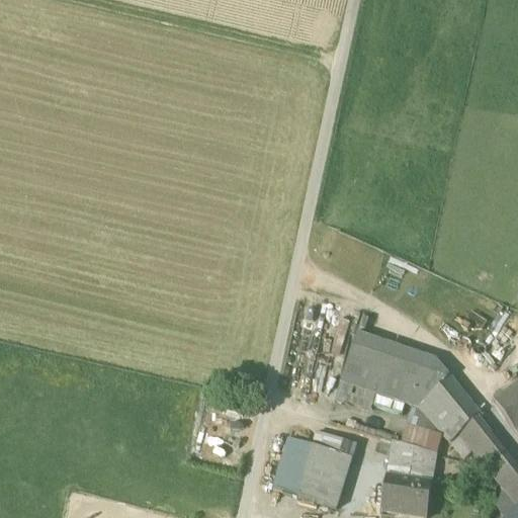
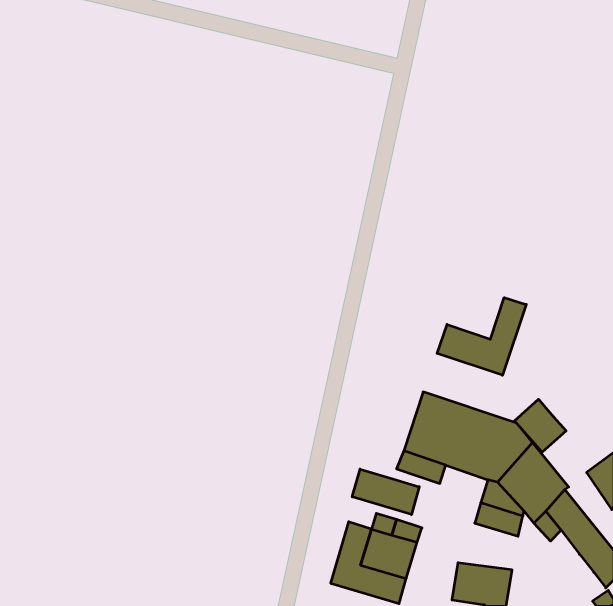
building: none -> [437,298,526,375]
building: none -> [515,399,566,452]
building: none -> [352,469,419,515]
building: [386,438,437,480] -> none

